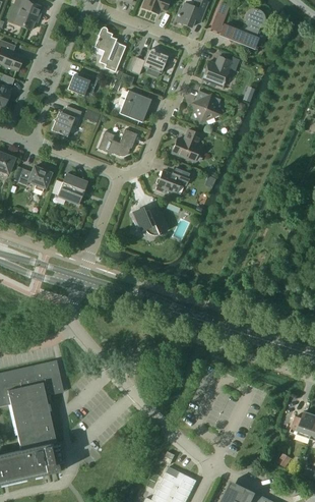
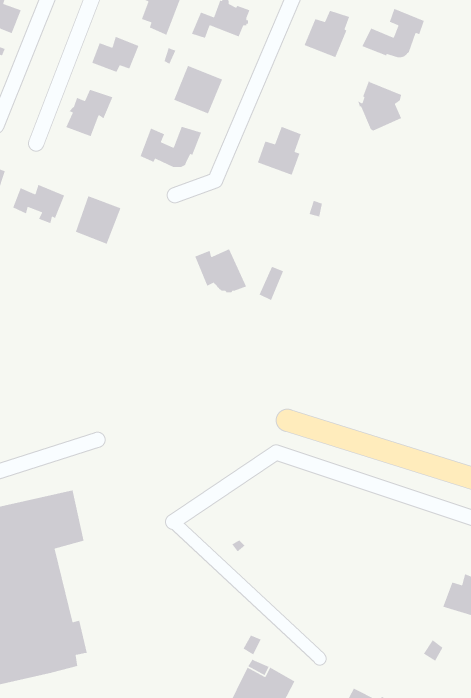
building: none -> [361,8,425,58]
building: [192,90,220,122] -> [357,80,402,131]
building: [156,169,191,193] -> none

